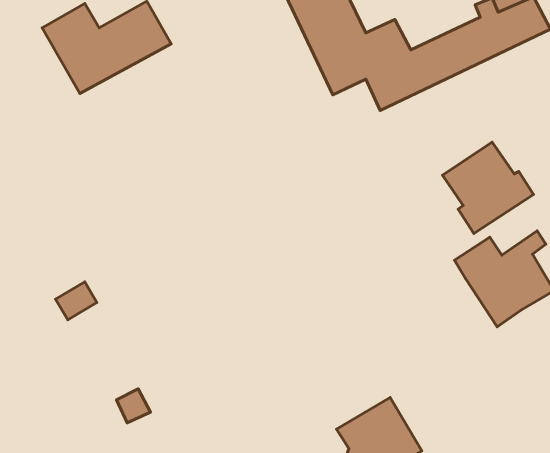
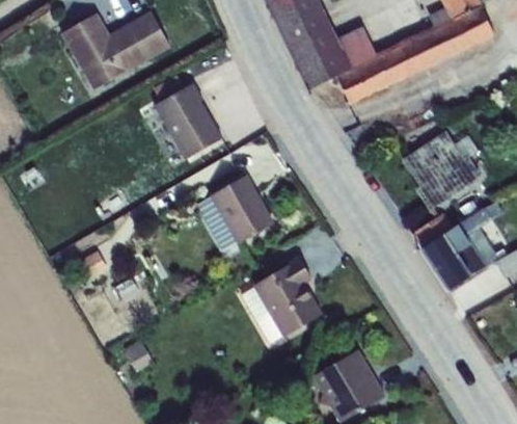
building: none -> [155,83,222,159]
building: none -> [196,175,274,249]
building: none -> [241,257,322,343]

